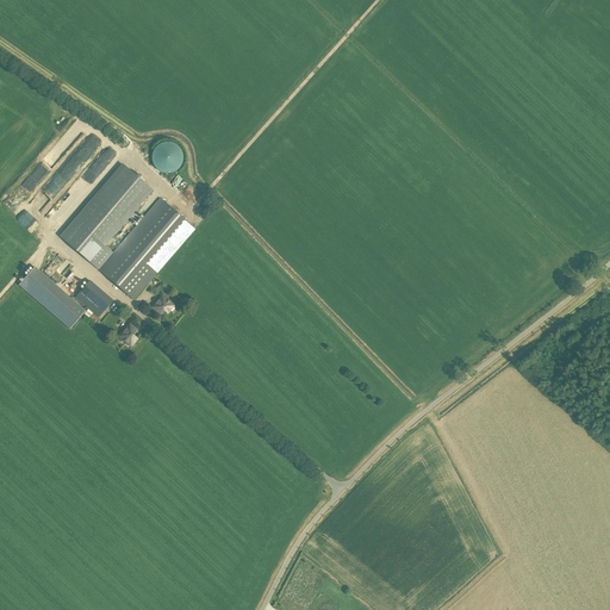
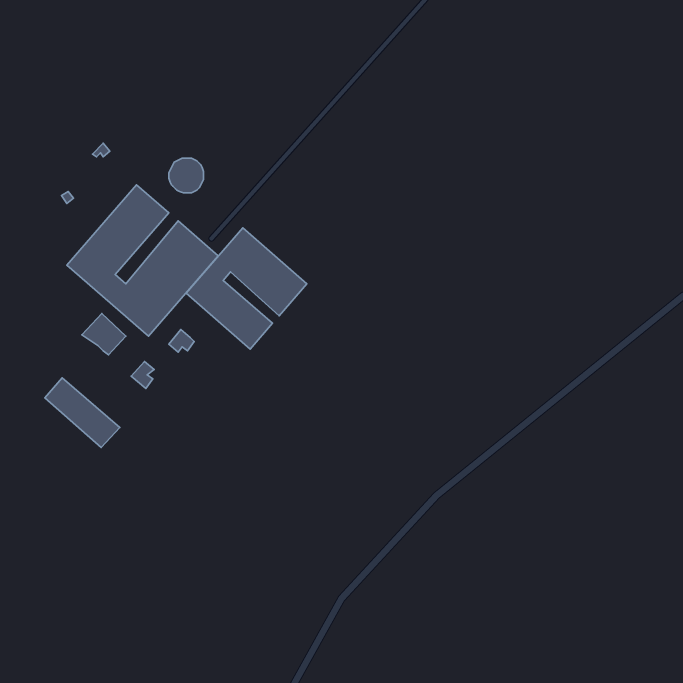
building: none -> [186,228,307,349]
building: [18,266,85,328] -> [45,378,120,447]

